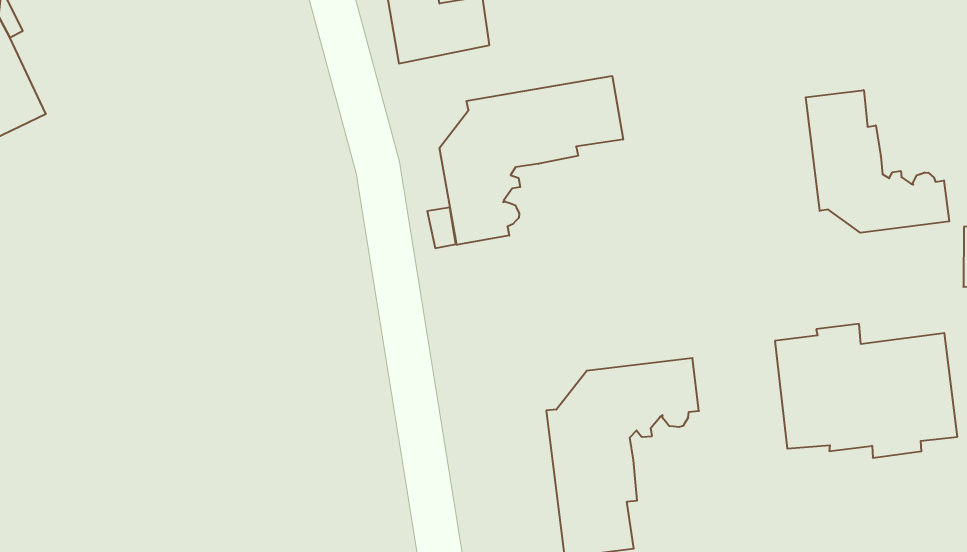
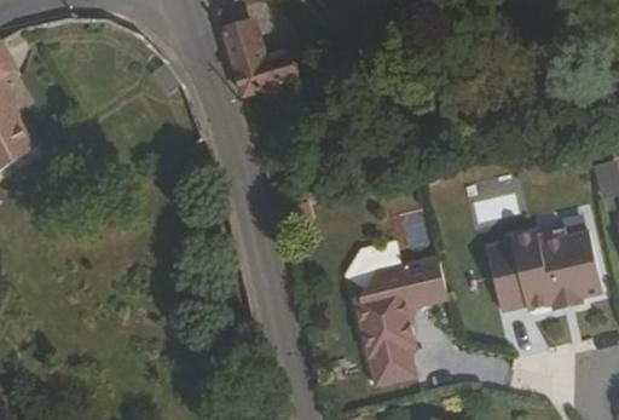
building: [440,76,623,245] -> none
building: [806,90,949,233] -> none

